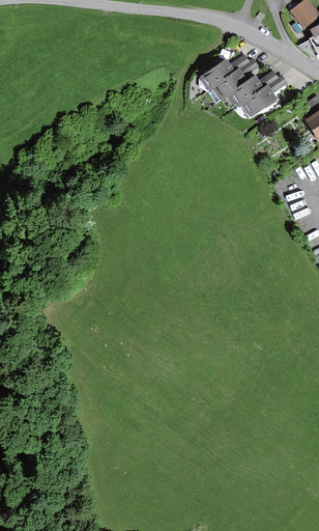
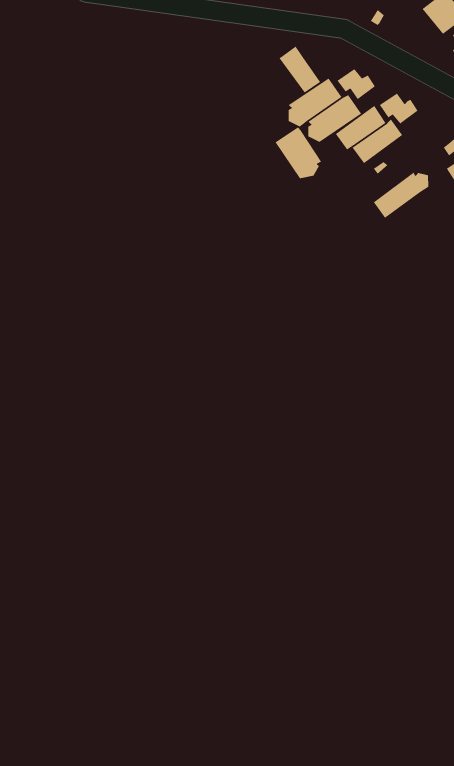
building: none -> [279,45,321,94]
building: none -> [275,127,322,179]
building: none -> [373,171,429,219]

